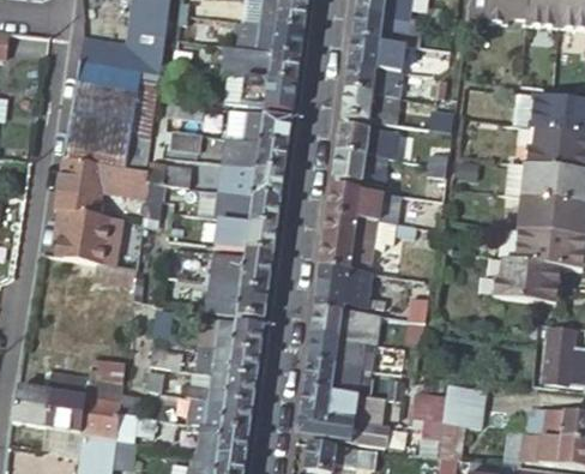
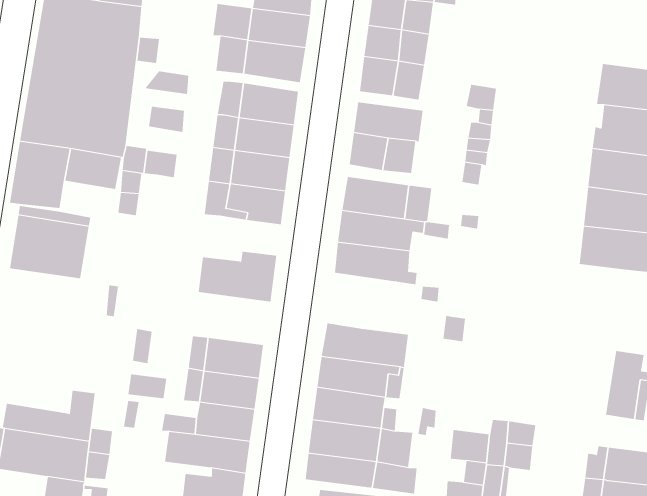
building: [223,218,277,251] -> none
building: [493,256,560,302] -> none
building: [314,265,385,311] -> none
building: [205,281,269,318] -> none

